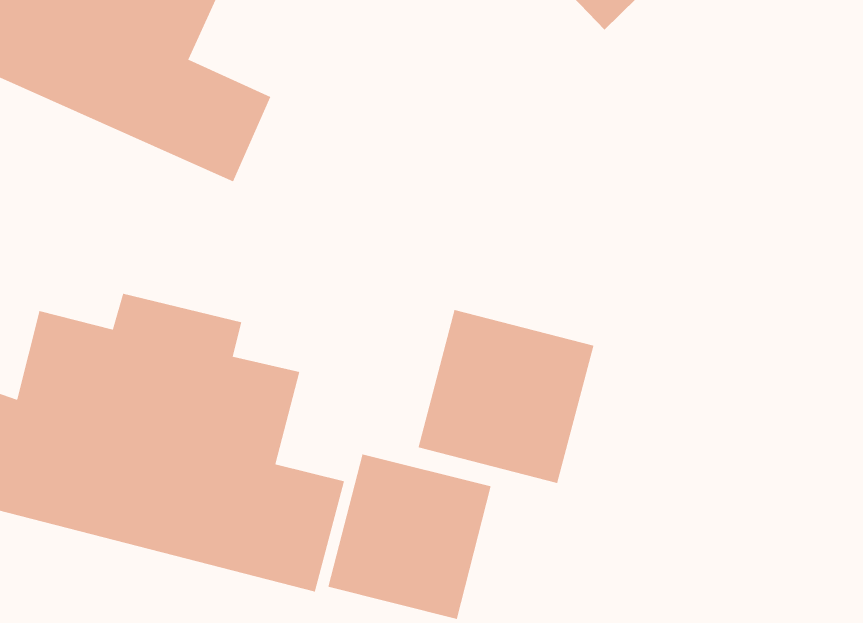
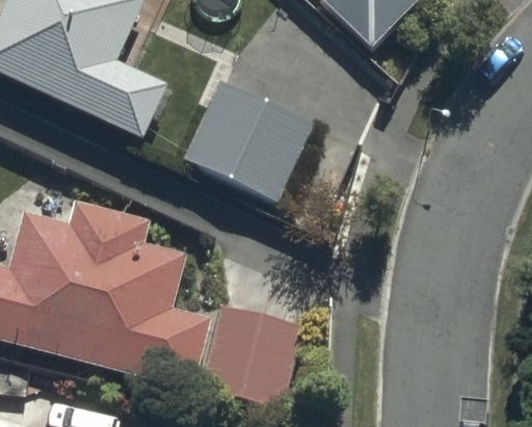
building: none -> [179,83,314,209]
building: [418,309,594,484] -> none

